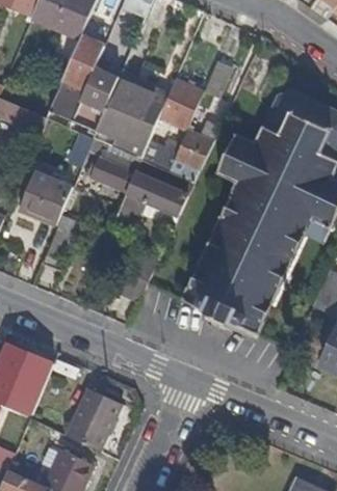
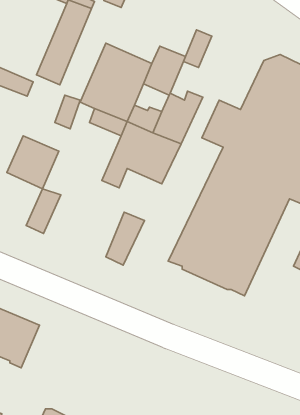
building: [72,63,122,130] -> none
building: [86,153,134,191] -> none
building: [62,385,122,451] -> none

